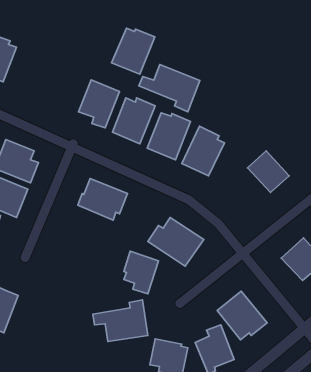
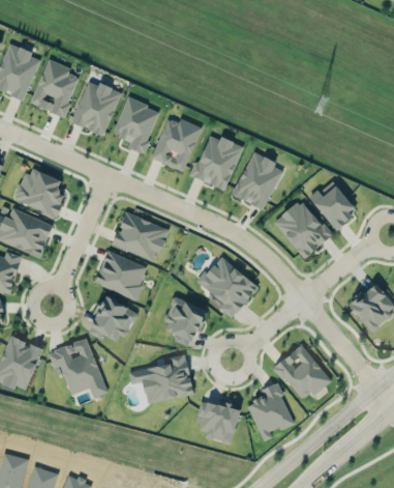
building: [111,28,155,74] -> [71,81,122,135]
building: none -> [31,58,80,116]
building: [139,65,200,112] -> none
building: none -> [275,198,332,257]
building: none -> [95,251,147,298]
building: none -> [88,295,135,342]
building: none -> [50,338,107,397]

